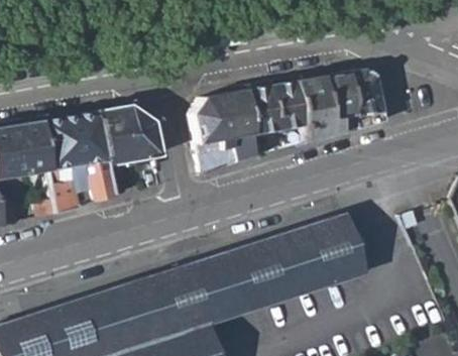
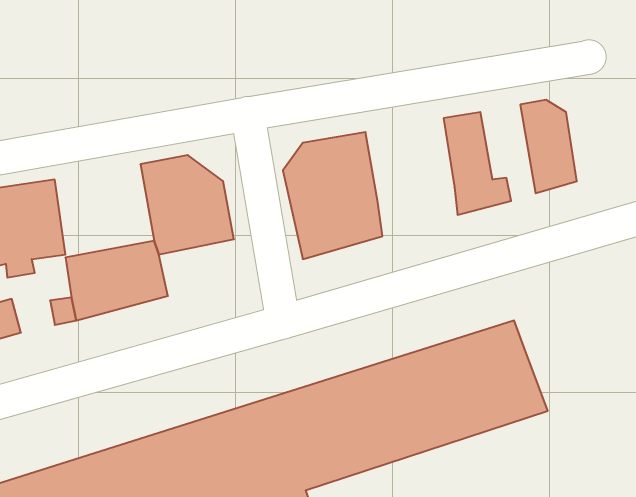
building: [324,70,360,133] -> none
building: [248,79,307,134] -> none
building: [43,109,109,170] -> none

